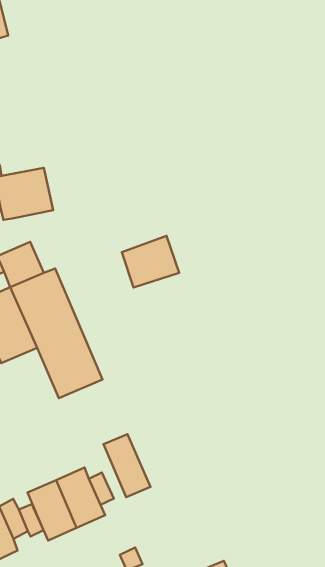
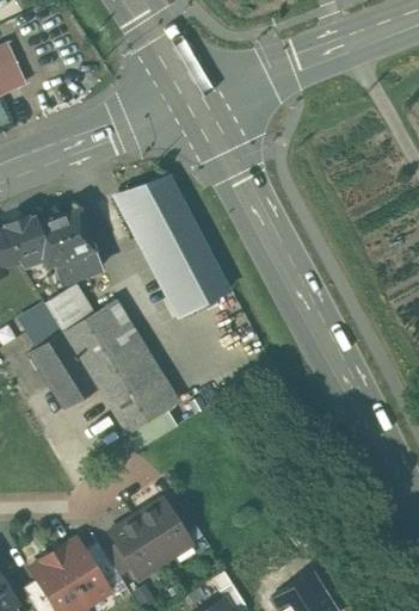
building: none -> [123,175,210,280]
building: none -> [55,249,101,283]
building: [103,434,150,497] -> none

